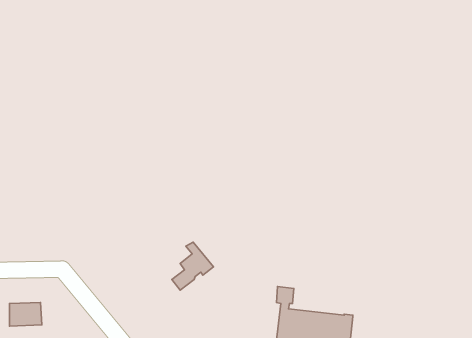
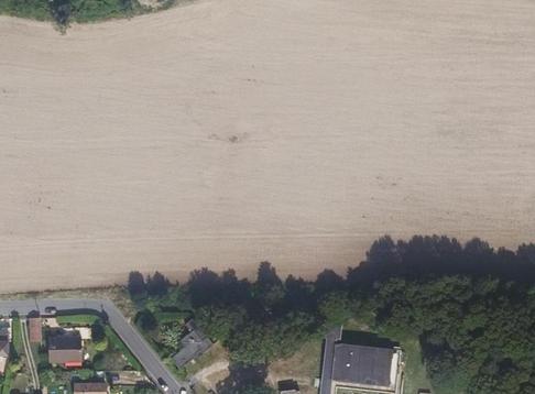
building: [172,242,214,290] -> [170,319,212,369]

